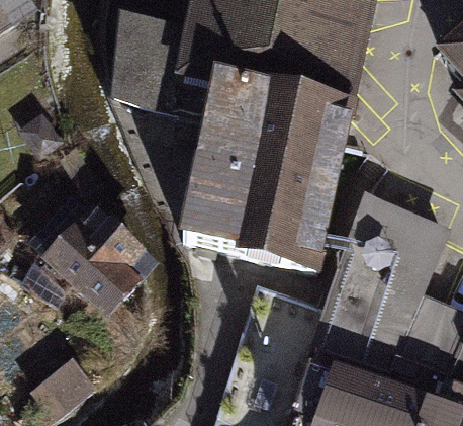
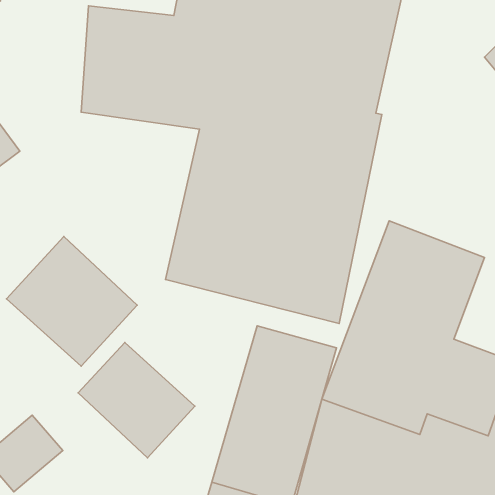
building: none -> [78,343,195,458]

